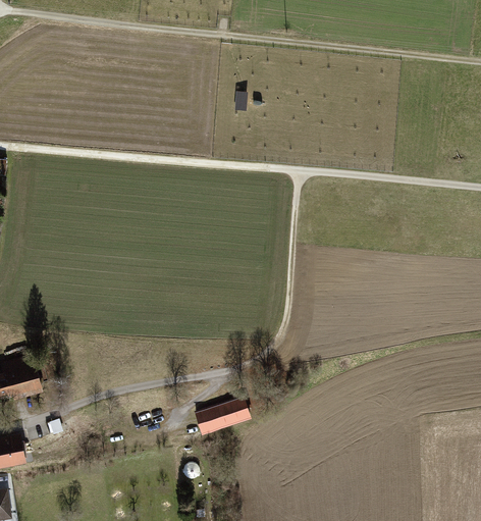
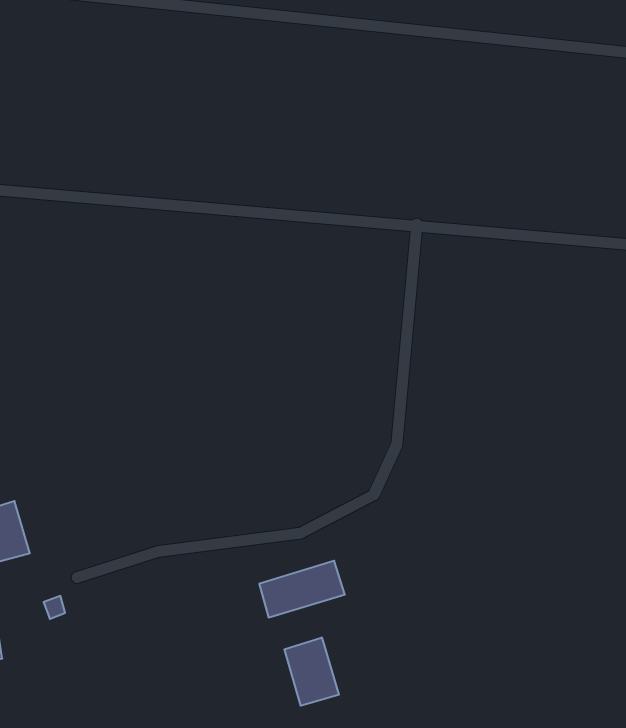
building: none -> [284,637,339,706]

